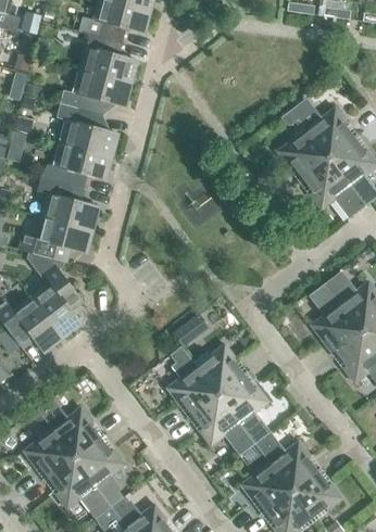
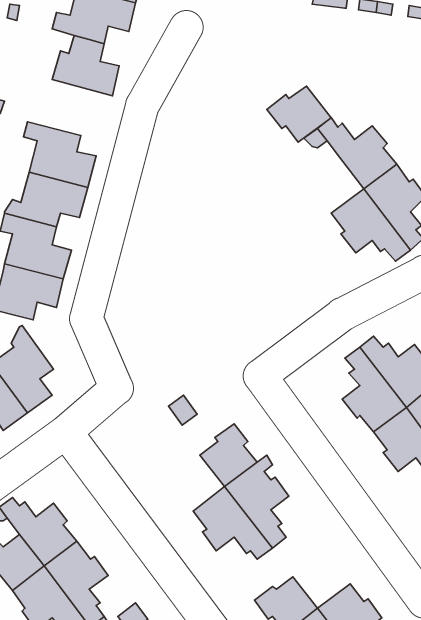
building: [61,72,128,116] -> none
building: [277,134,328,178] -> [267,86,331,142]
building: [167,347,217,415] -> none
building: [255,435,317,492] -> none

